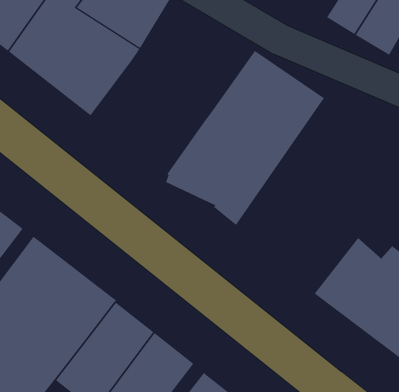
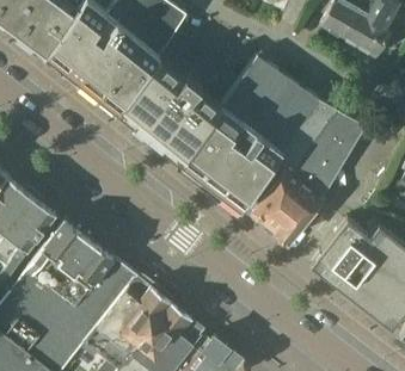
building: none -> [115,60,219,163]
building: none -> [240,98,366,246]

